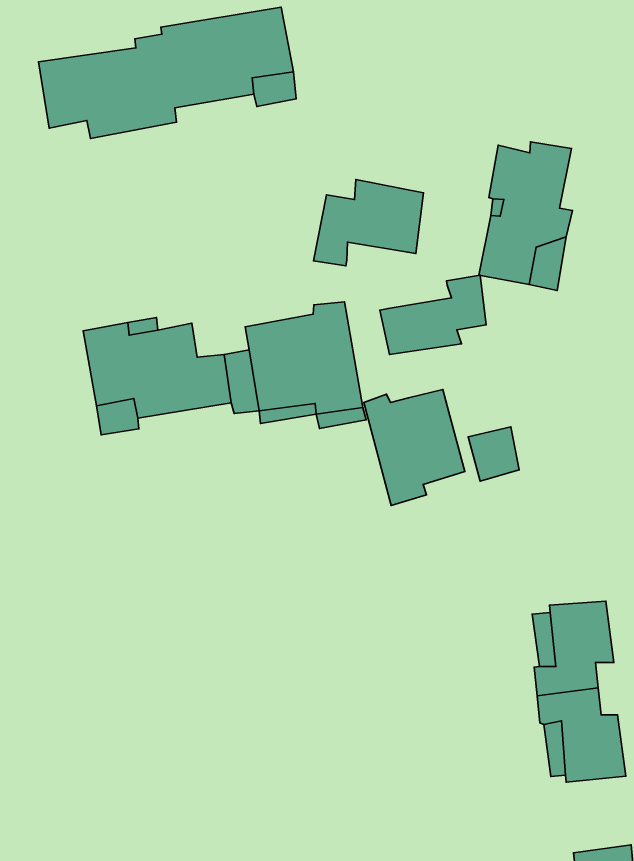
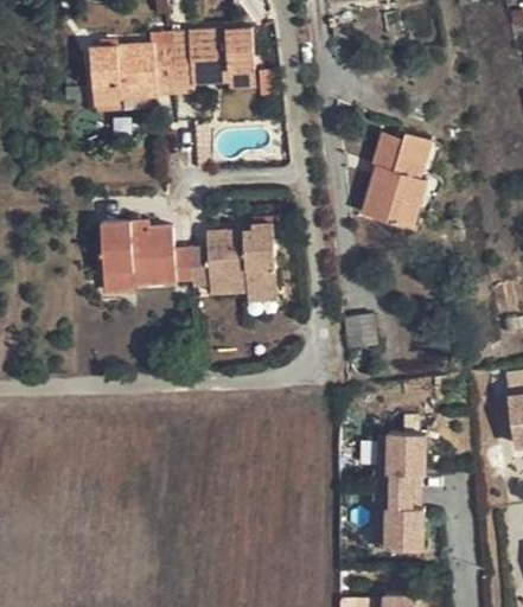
building: [314,180,424,266] -> none
building: [380,275,486,355] -> none
building: [364,389,465,505] -> none

